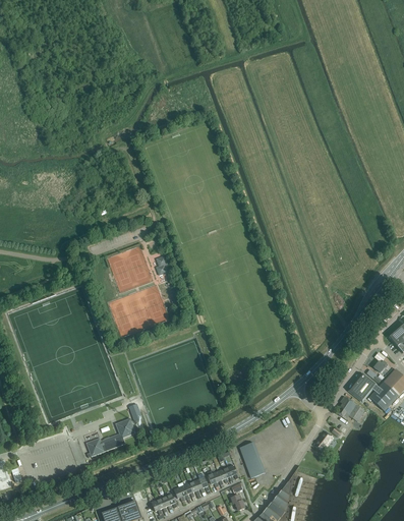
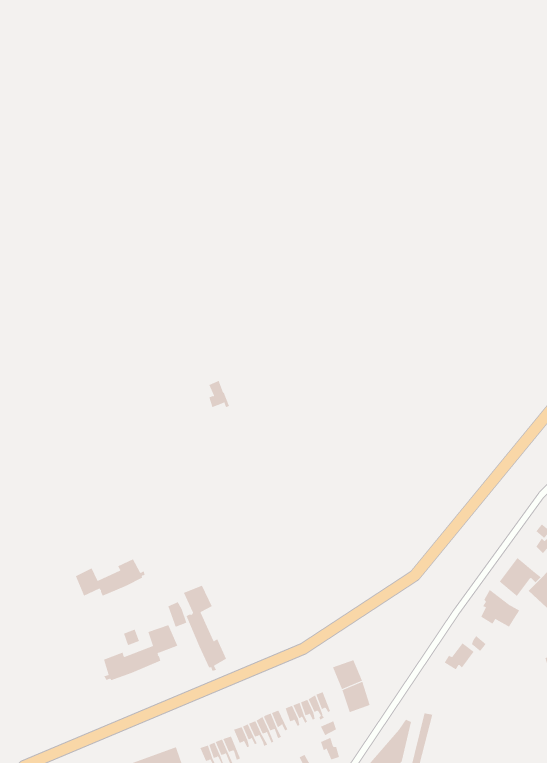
building: none -> [75,559,145,596]
building: none -> [183,585,227,671]

